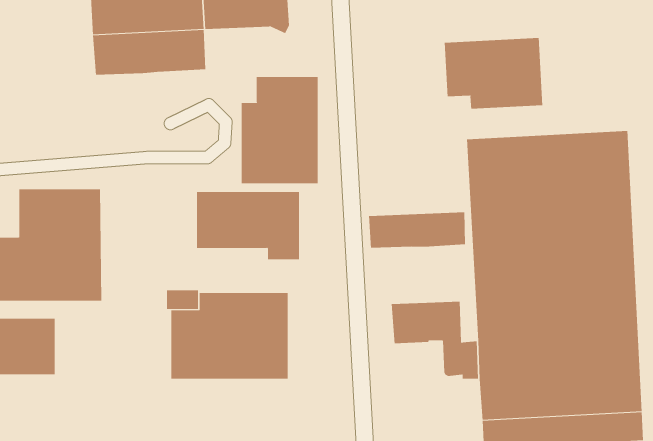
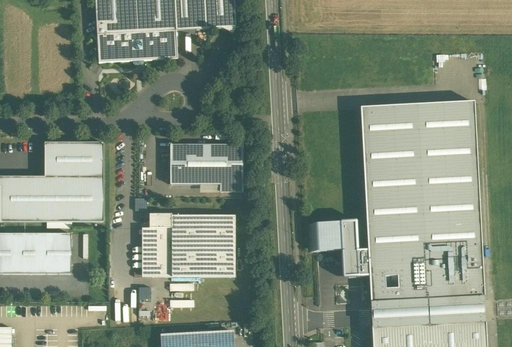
building: [444,37,543,110] -> none
building: [241,76,318,184] -> none
building: [369,212,465,249] -> none

